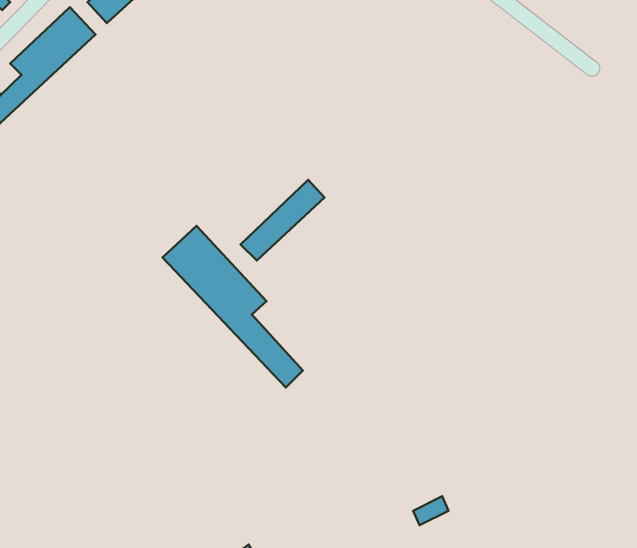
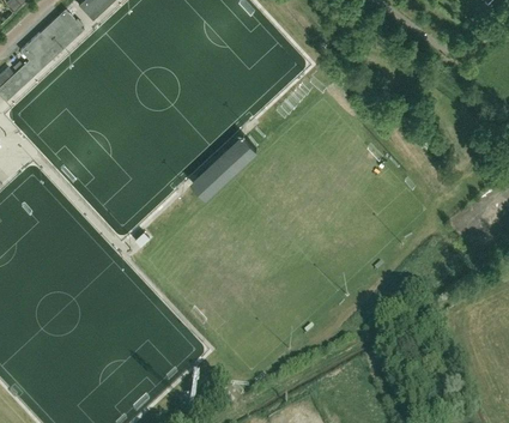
building: [162,226,303,387] -> none

